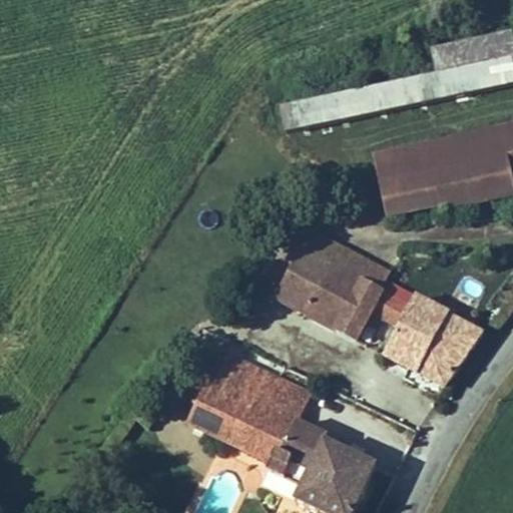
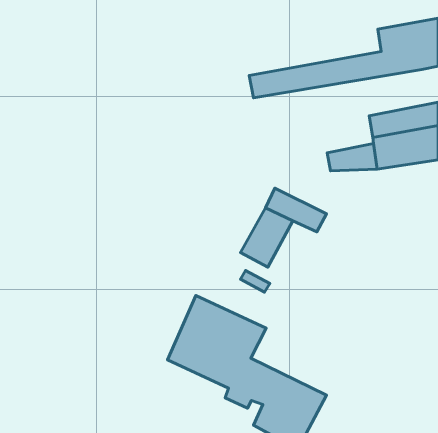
building: [376,142,436,185] -> none
building: [313,265,370,333] -> none
building: [366,288,487,394] -> none

